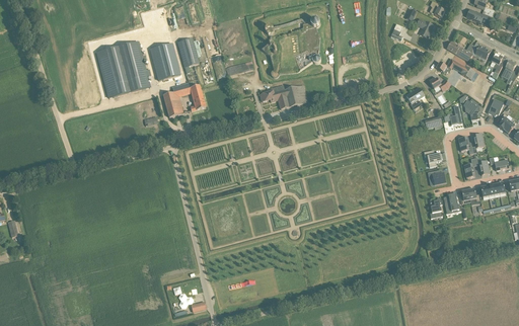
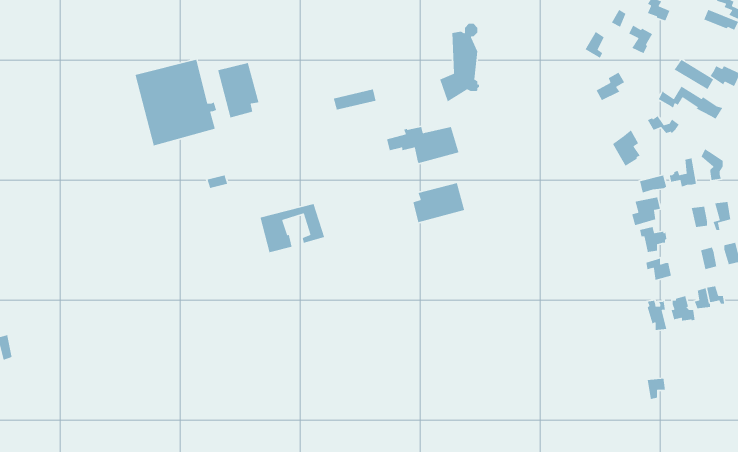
building: [176,37,198,68] -> none
building: [162,85,205,117] -> [260,203,325,253]
building: none -> [412,182,465,223]

